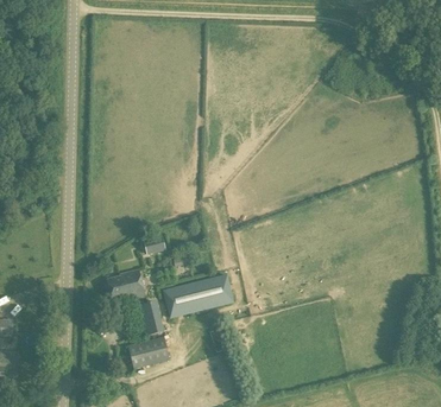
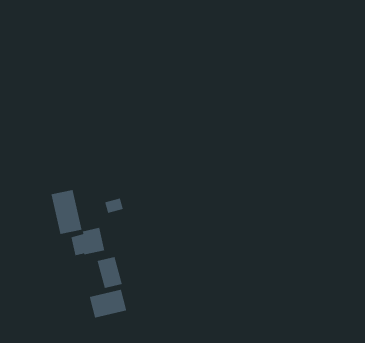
building: none -> [51,189,83,235]
building: [172,282,227,319] -> none

